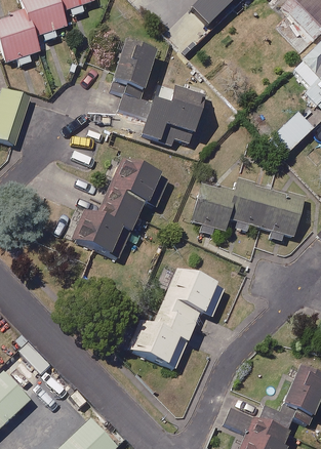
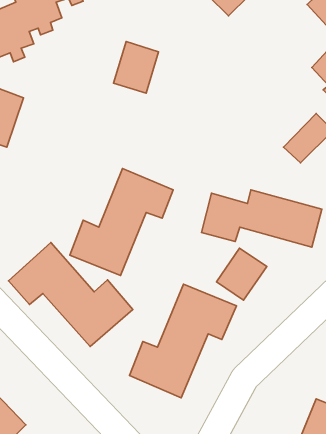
building: [120,87,203,140] -> none
building: none -> [9,243,133,347]
building: none -> [216,248,267,300]

